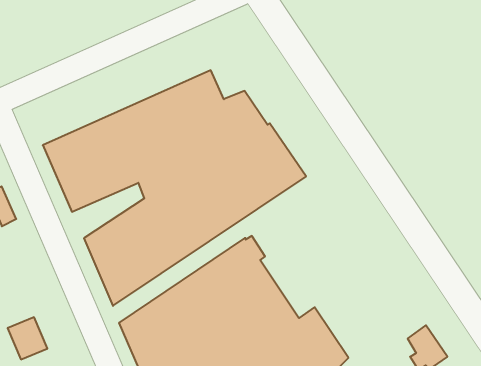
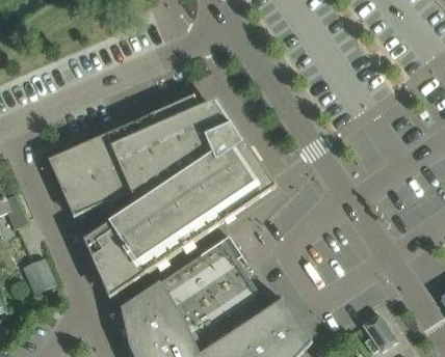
building: [8,317,47,359] -> [22,257,56,294]

